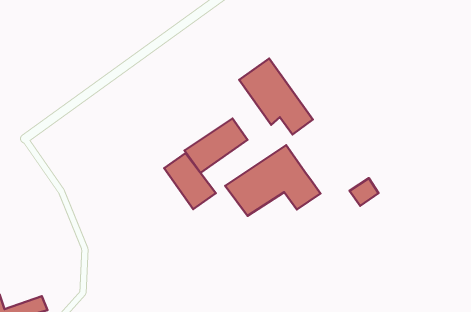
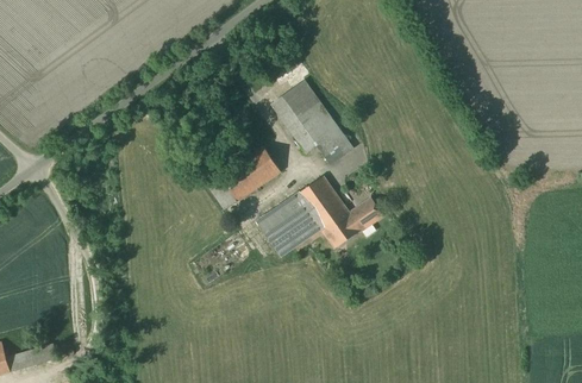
building: [164,153,216,209] -> none
building: [350,178,378,206] -> [349,199,381,230]

